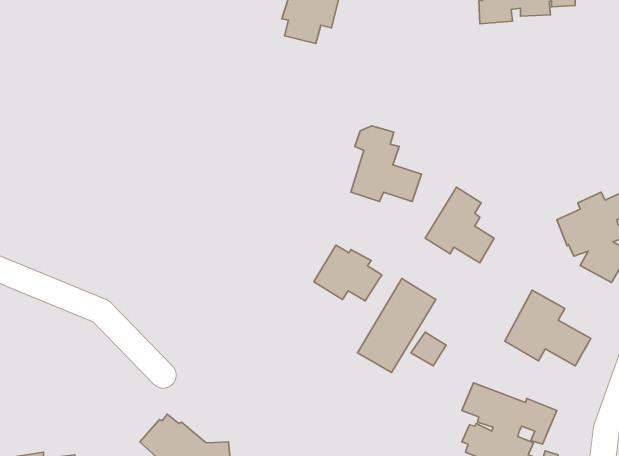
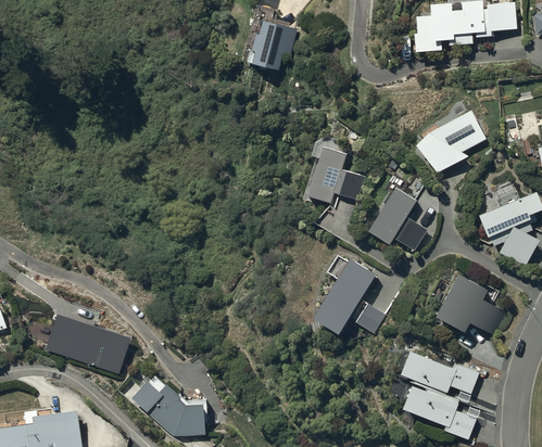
building: none -> [414,108,484,173]
building: [314,245,382,301] -> none
building: none -> [46,317,130,376]

